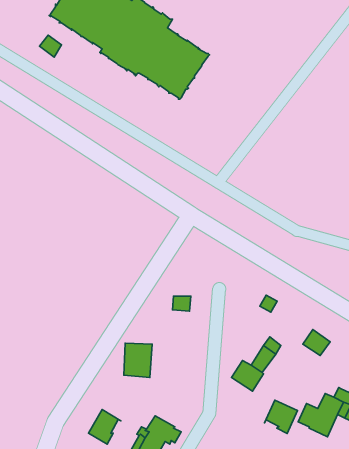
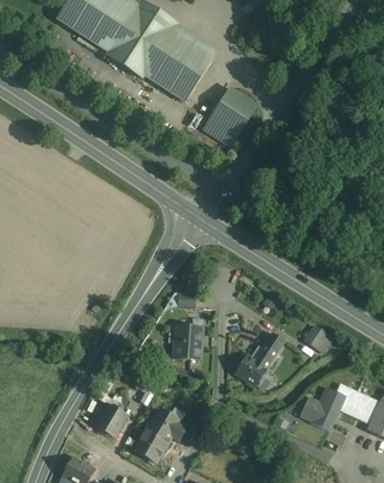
building: none -> [202,87,256,146]
building: [124,343,152,378] -> [173,325,201,359]
building: [265,400,297,433] -> none

